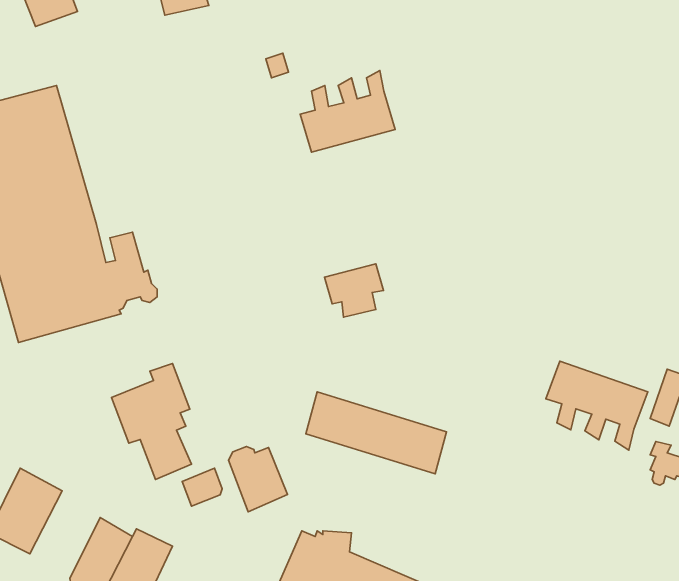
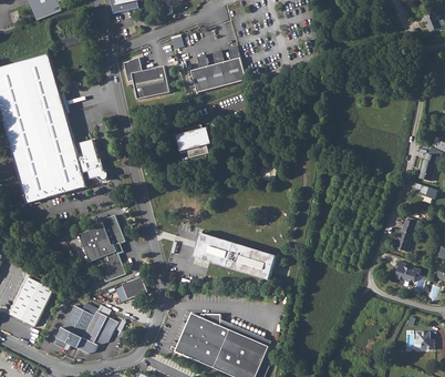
building: none -> [123,55,169,99]
building: [325,264,384,317] -> [177,126,211,157]
building: [546,361,648,450] -> none
building: [229,446,287,512] -> none

